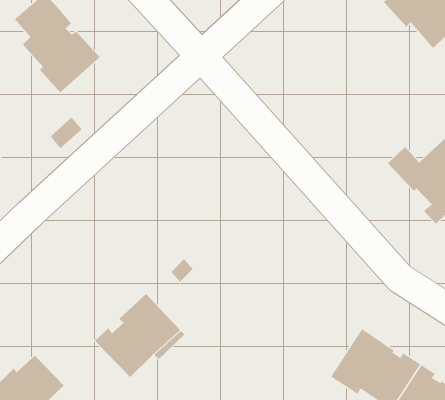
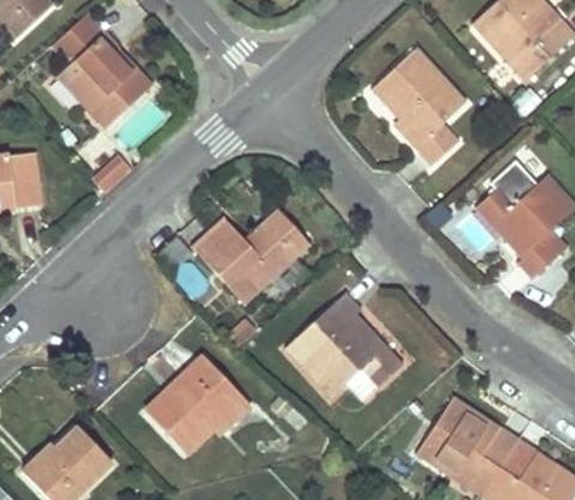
building: none -> [377,48,466,165]
building: none -> [190,211,307,302]
building: none -> [284,293,399,397]

